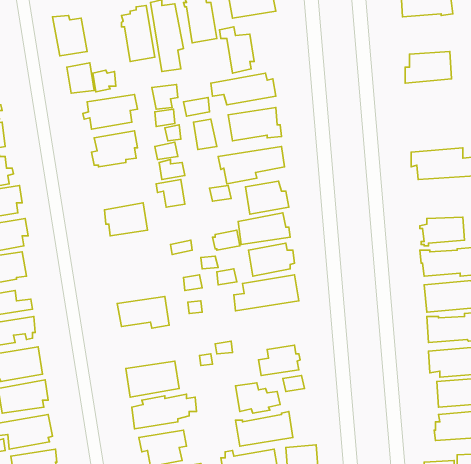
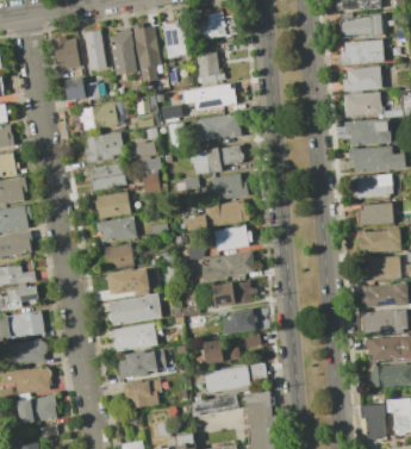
building: none -> [82,29,106,69]
building: none -> [341,38,384,64]
building: none -> [343,92,381,117]
building: none -> [344,119,390,145]
building: none -> [91,162,125,189]
building: none -> [351,174,392,199]
building: none -> [95,216,136,241]
building: none -> [100,242,135,269]
building: none -> [212,280,254,306]
building: none -> [107,292,160,325]

